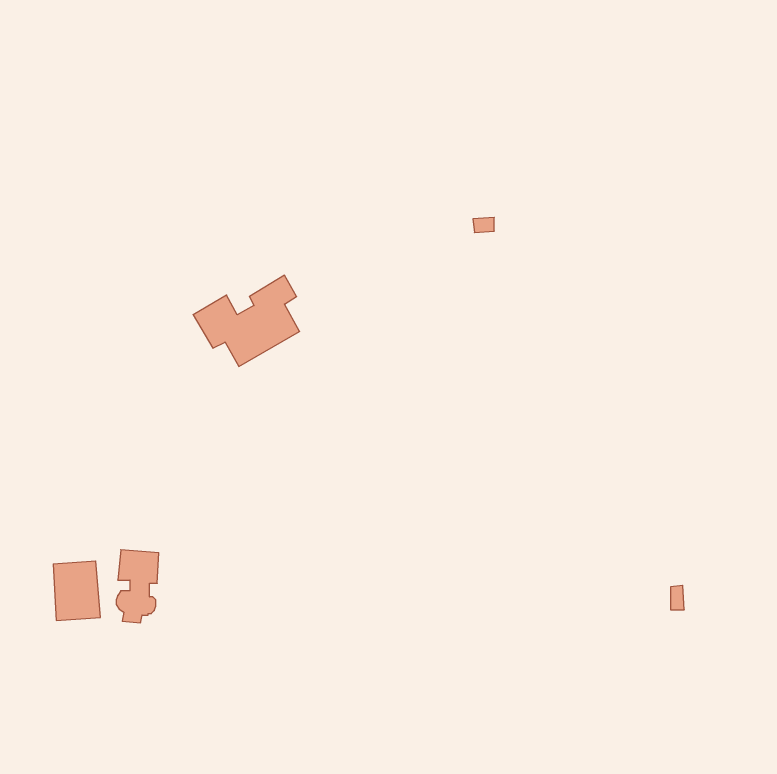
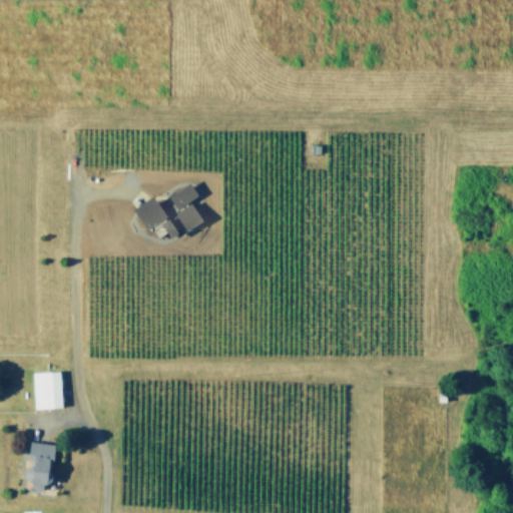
building: [116,550,159,623] -> [30,443,58,491]

